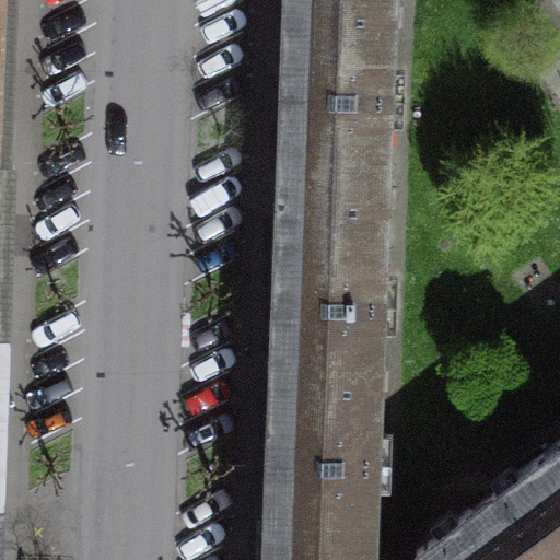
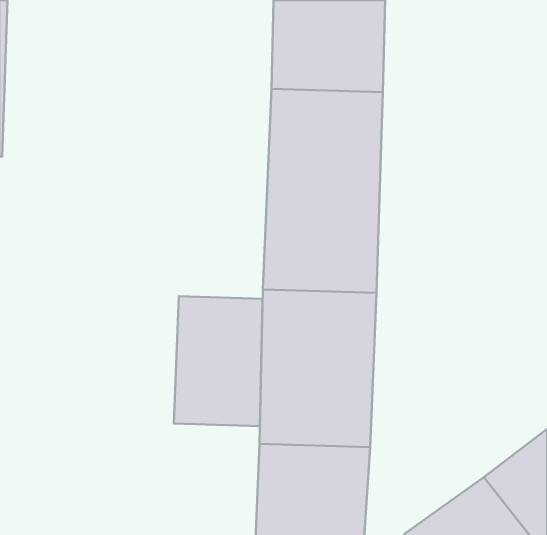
building: none -> [174,296,262,426]

